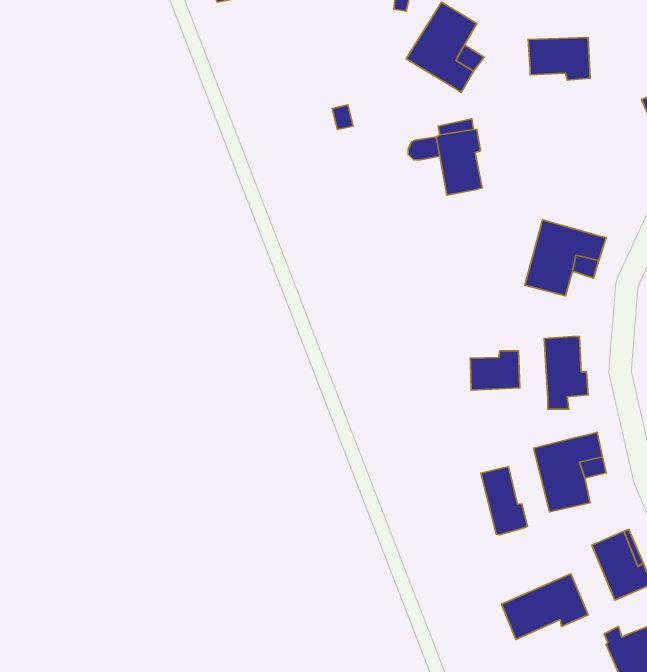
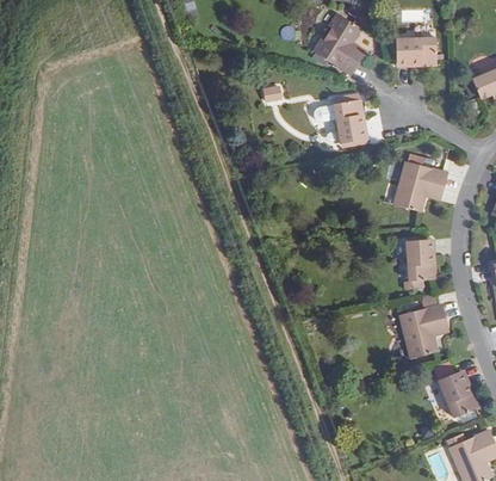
building: [470,351,520,390] -> none
building: [481,467,528,535] -> none
building: [501,574,588,640] -> none

